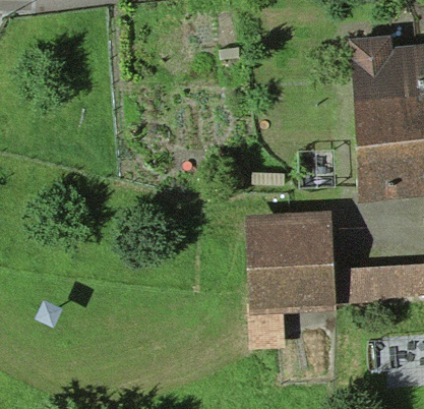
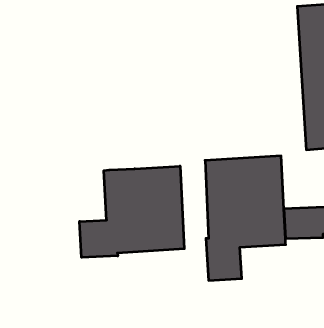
building: none -> [80,166,184,257]

